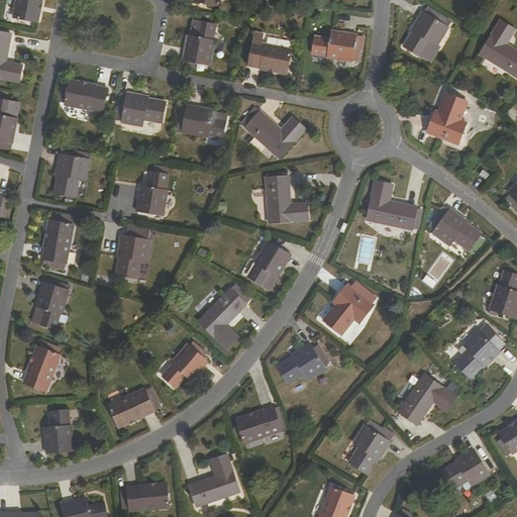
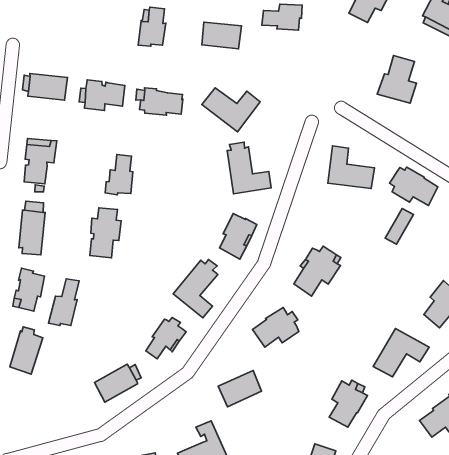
building: none -> [49,279,79,326]
building: [43,409,72,452] -> none

